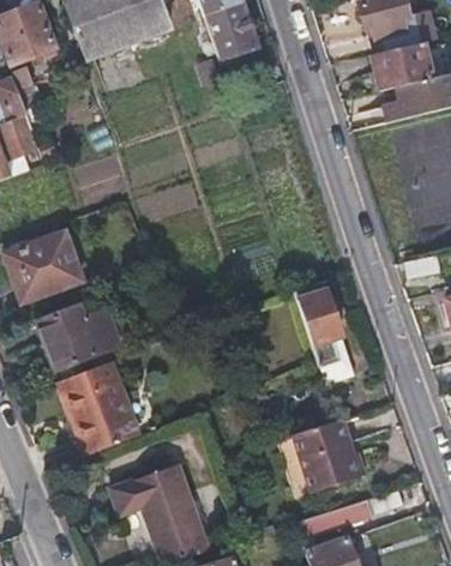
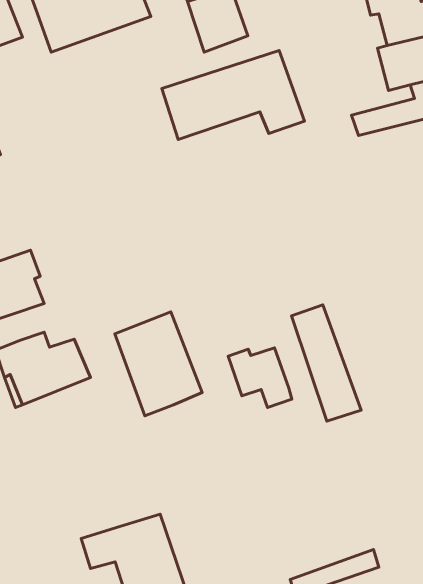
building: none -> [162,51,305,140]
building: none -> [228,348,292,408]
building: [60,363,137,454] -> [115,312,202,416]
building: [293,416,366,489] -> none

